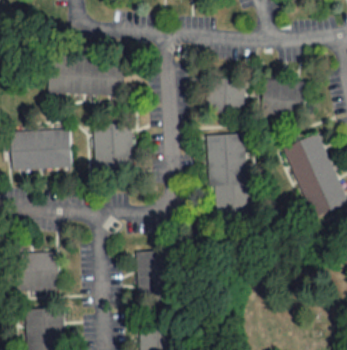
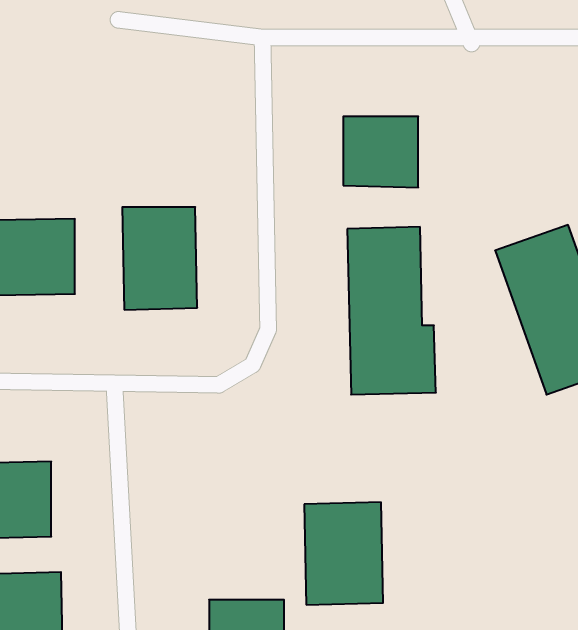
building: [47,54,125,96] -> none
building: [262,78,308,120] -> none
building: [136,250,176,302] -> [304,502,383,605]

